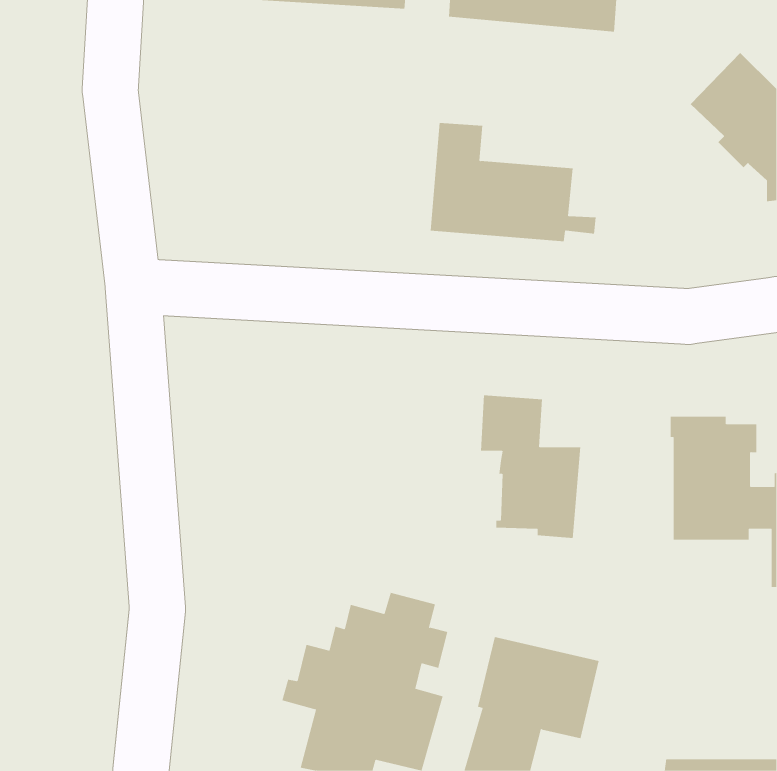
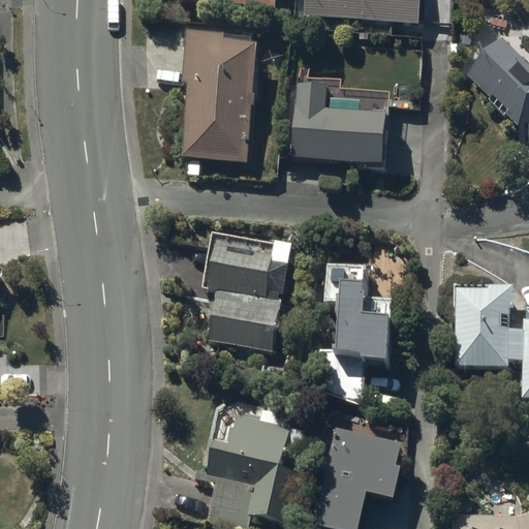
building: none -> [182,33,256,160]
building: none -> [176,230,291,348]

